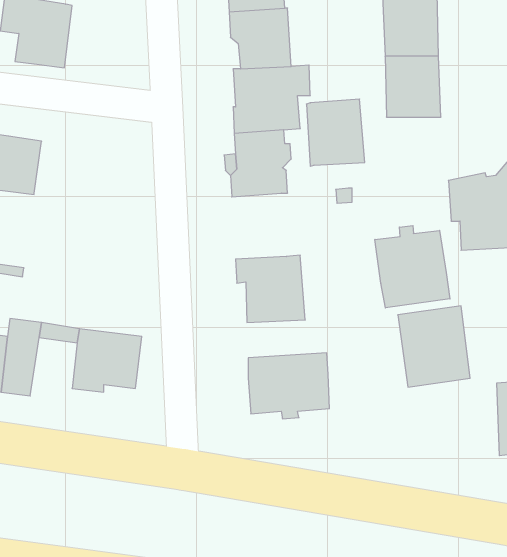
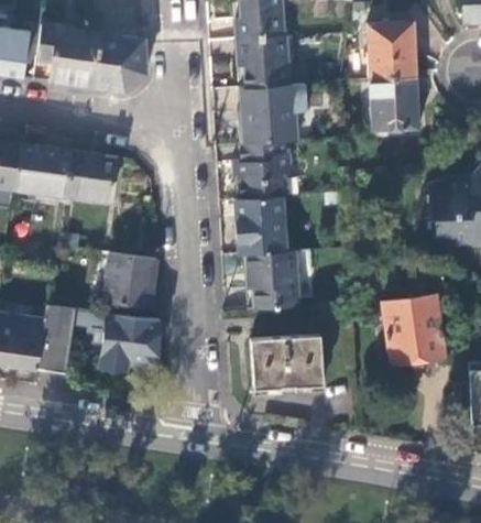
building: none -> [92,34,145,92]
building: [306,99,365,166] -> [234,197,285,255]
building: none -> [66,152,116,203]
building: [375,226,450,308] -> none
building: none -> [102,254,155,307]

